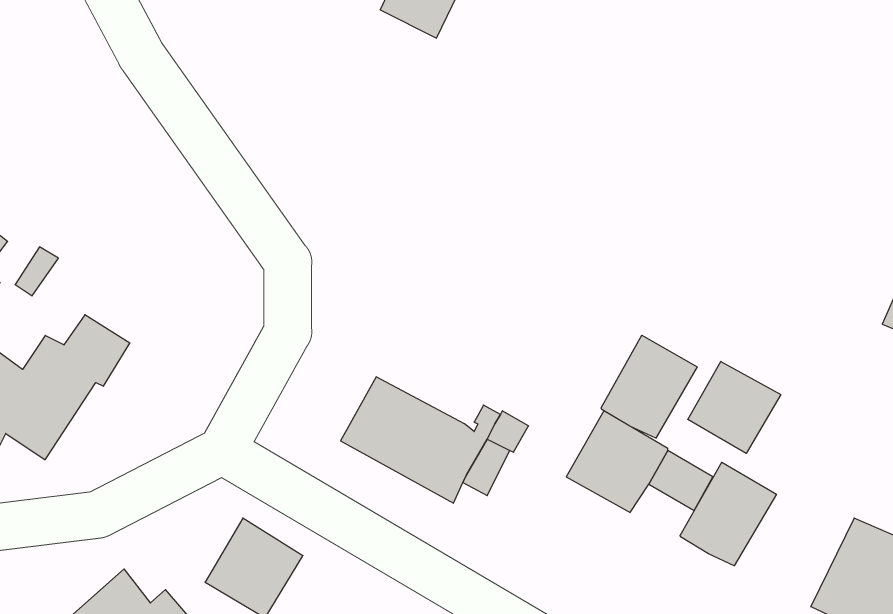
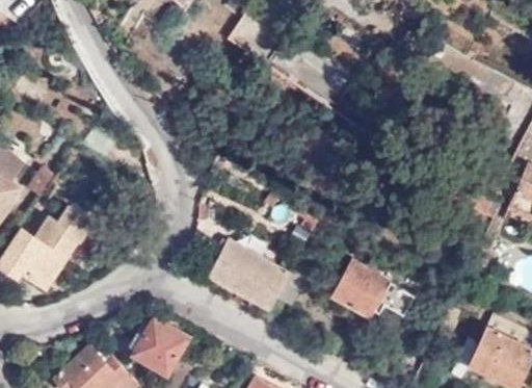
building: [601,335,697,438] -> none
building: [688,361,781,453] -> none
building: [680,462,776,566] -> none

